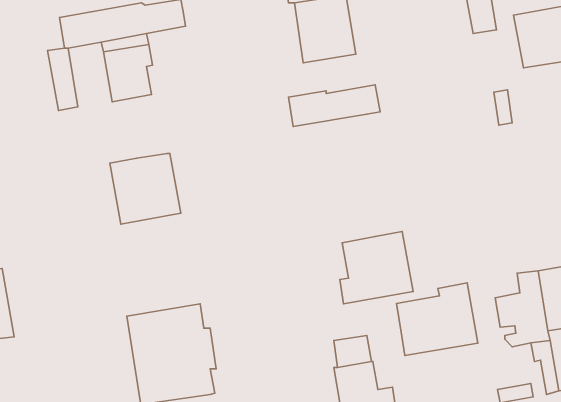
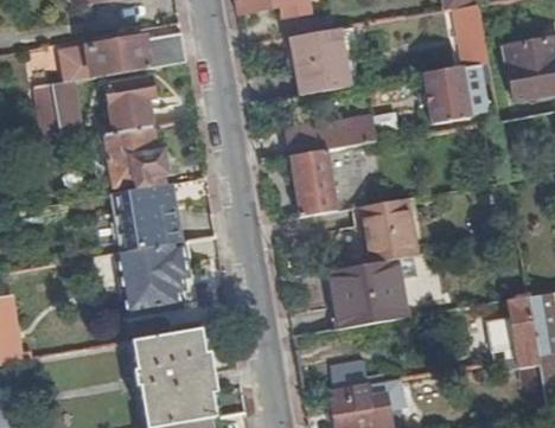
building: none -> [423,63,491,123]
building: none -> [106,126,168,187]
building: none -> [291,145,364,217]
building: none -> [361,199,416,263]
building: none -> [115,241,187,314]
building: [396,283,478,356] -> none

